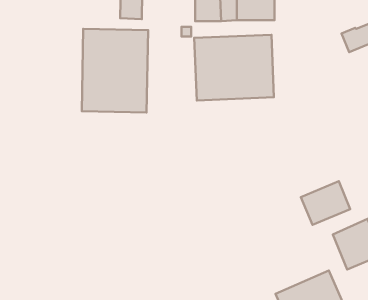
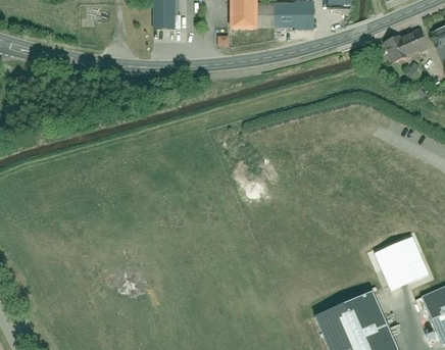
building: [82,29,148,113] -> none
building: [194,35,274,100] -> none
building: [301,181,350,225] -> none

